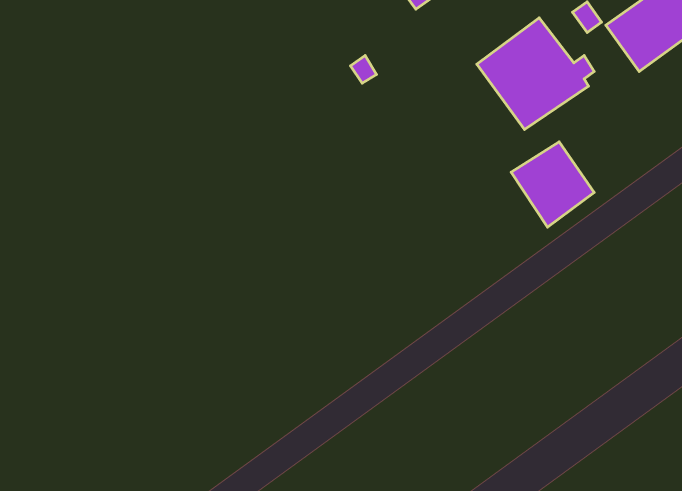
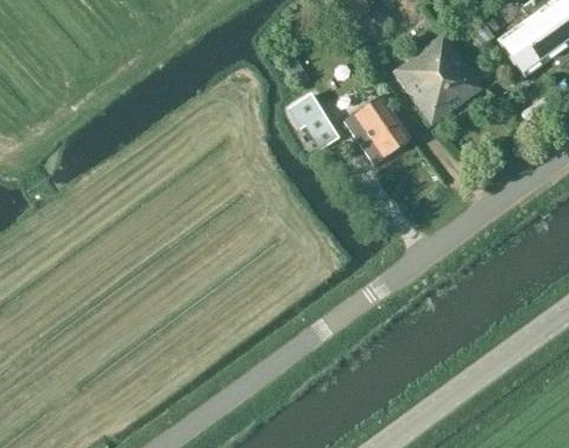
building: none -> [290,95,337,149]
building: [511,142,594,227] -> [344,95,412,165]

